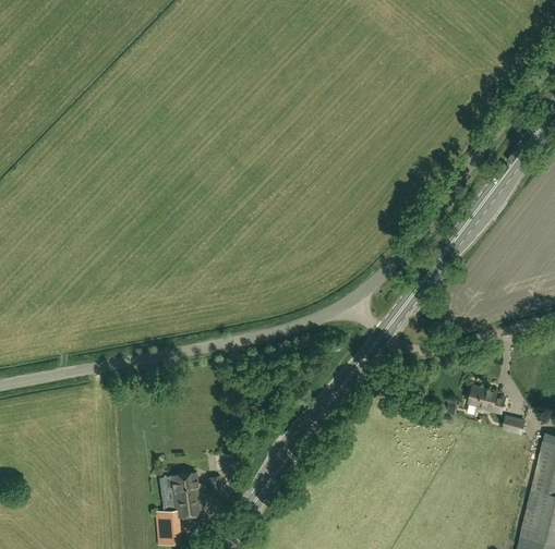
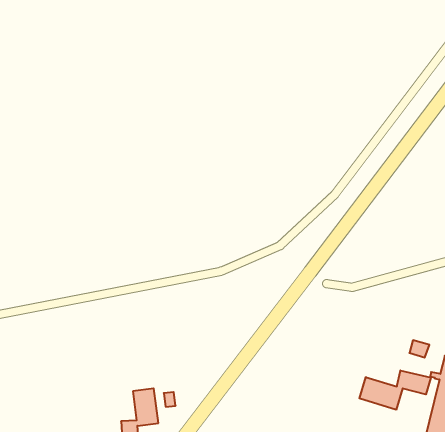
building: [469,387,505,414] -> none
building: none -> [359,370,431,410]

